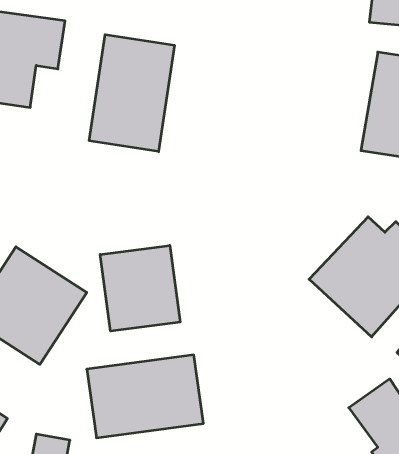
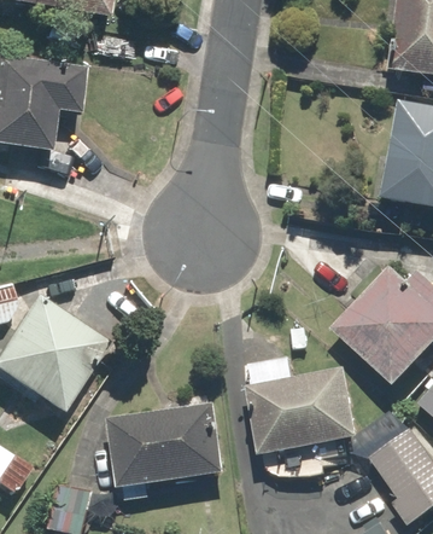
building: [89,35,174,152] -> none
building: [100,245,180,331] -> none
building: none -> [246,366,359,454]

